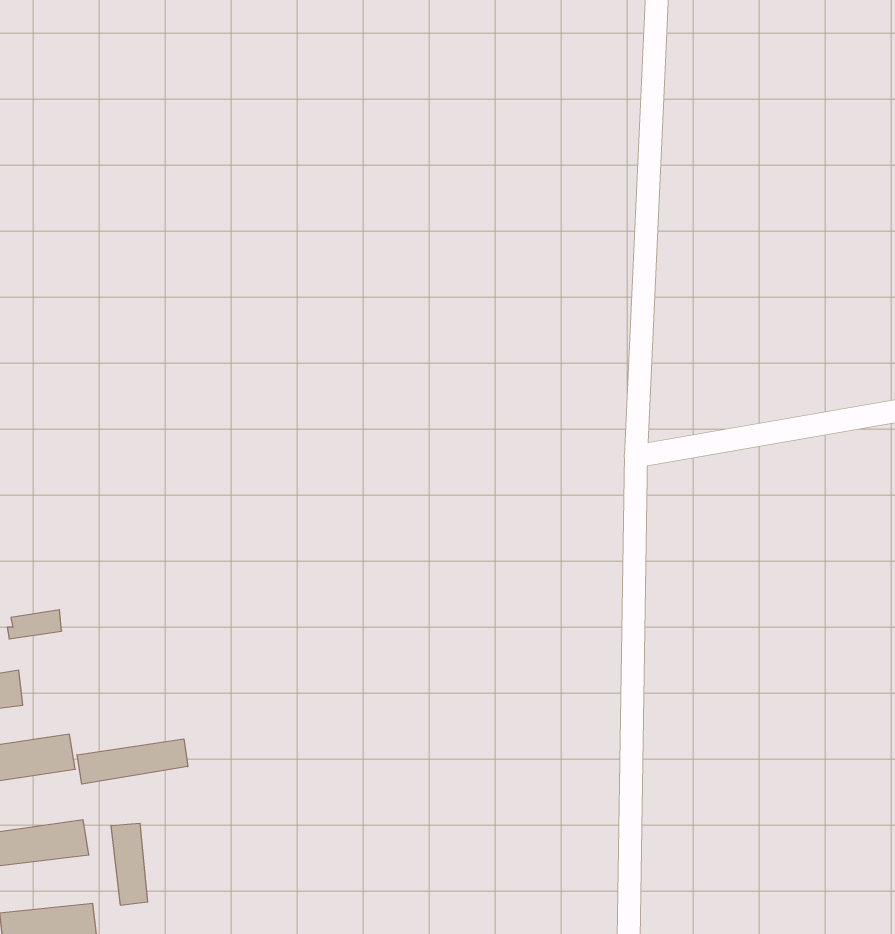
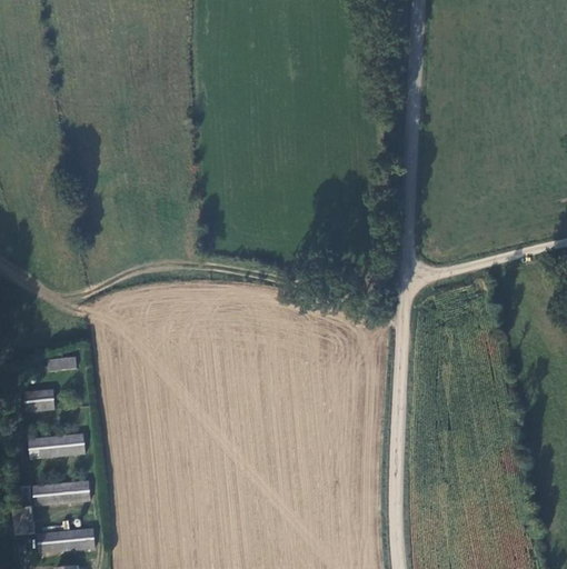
building: [77,739,188,784] -> none
building: [111,823,148,905] -> none

